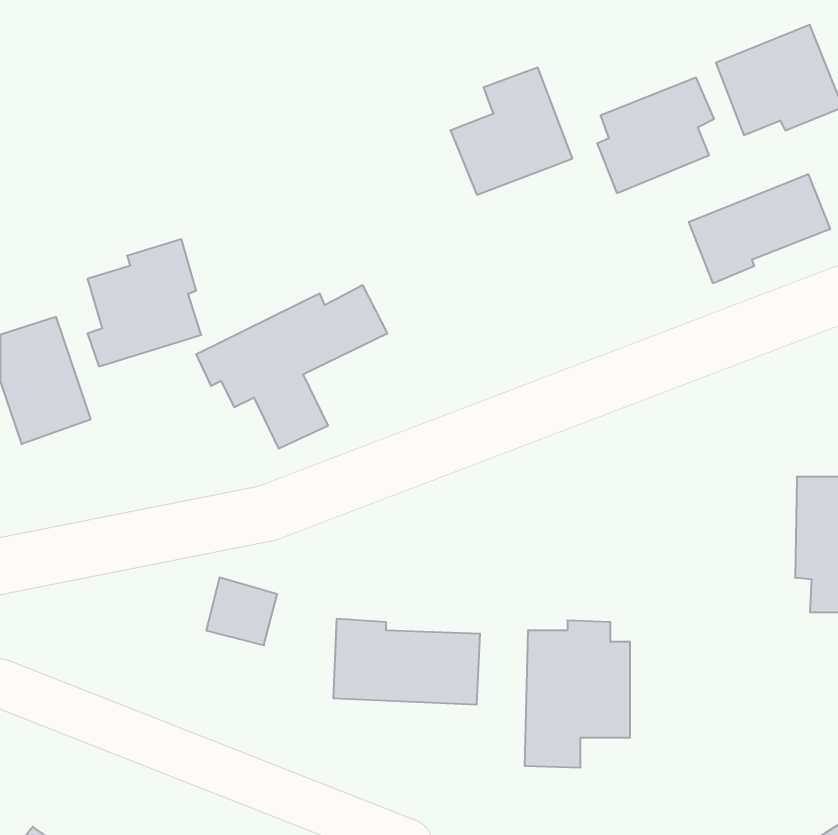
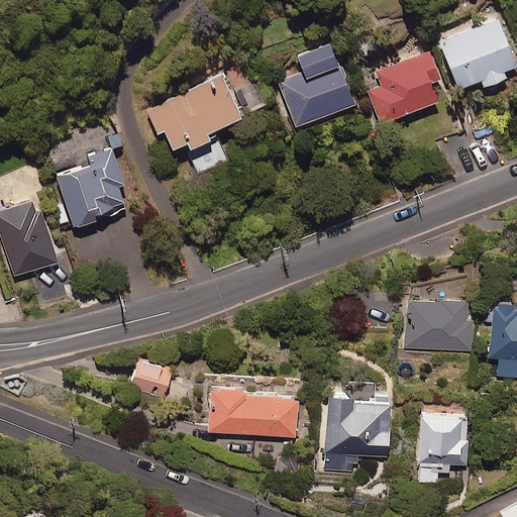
building: [689,174,830,283] -> none
building: [196,285,387,449] -> [148,72,266,172]
building: none -> [406,297,473,352]
building: none -> [420,409,467,486]

